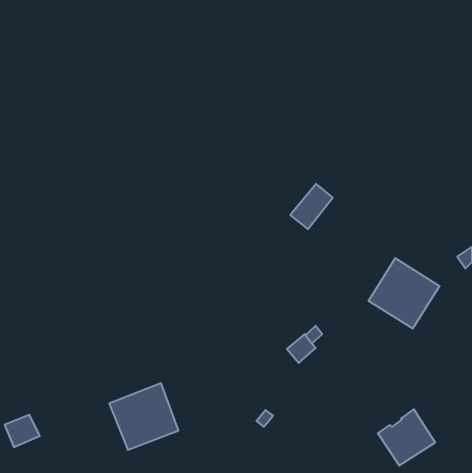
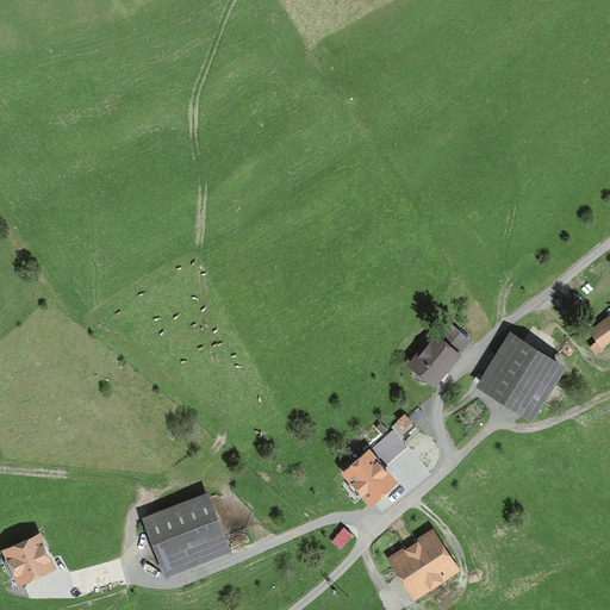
building: [290,184,333,229] -> [410,320,465,379]
building: none -> [341,450,398,508]
building: [378,409,435,466] -> [386,528,460,600]

